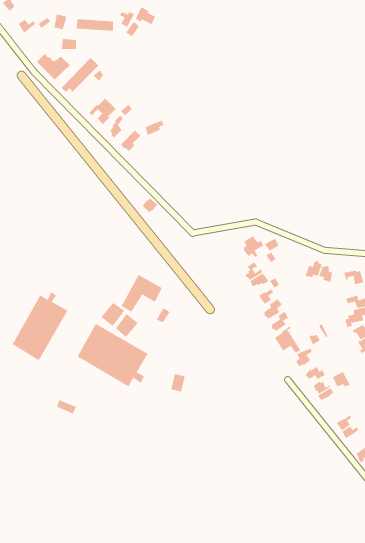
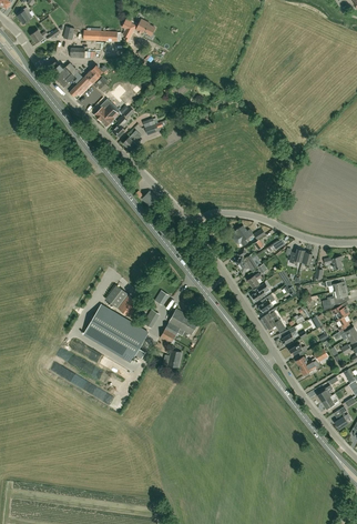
building: [121,274,163,312] -> [161,309,198,343]
building: [12,291,68,361] -> none

